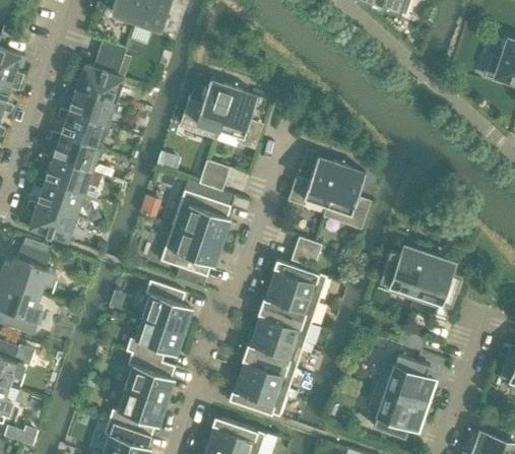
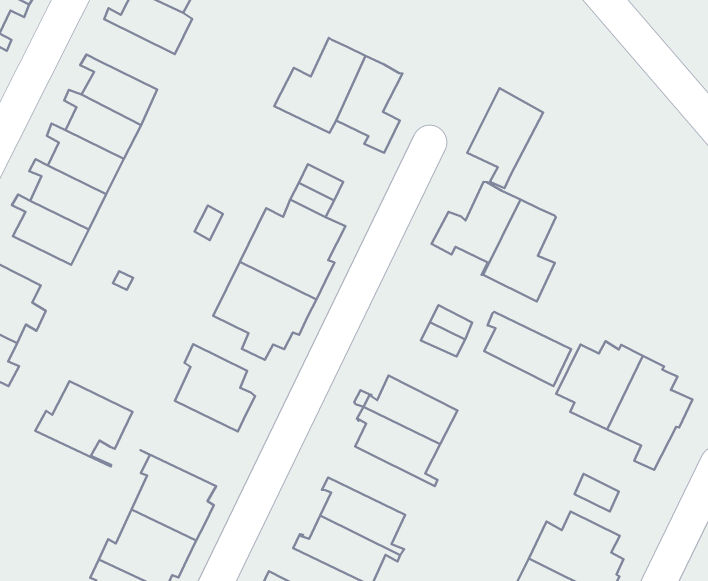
building: [65,86,115,126] -> none
building: none -> [467,88,543,188]
building: [273,260,327,302] -> [484,312,571,386]
building: [125,318,184,368] -> [35,381,132,466]
building: [244,332,311,371] -> none

